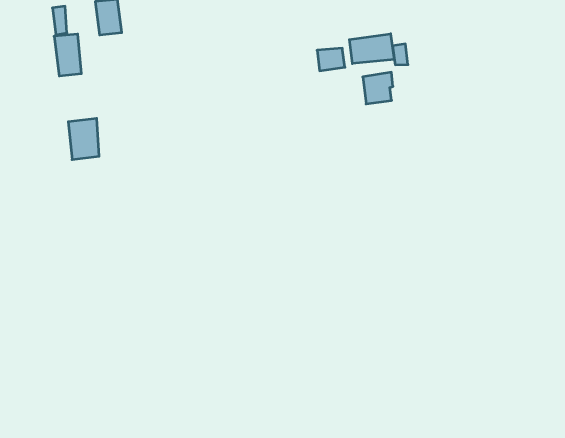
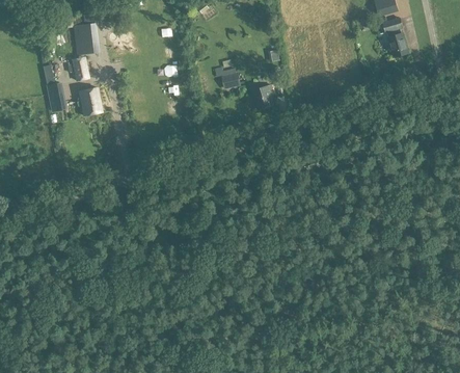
building: [349,34,394,64] -> none
building: [68,118,99,160] -> [79,85,102,114]

